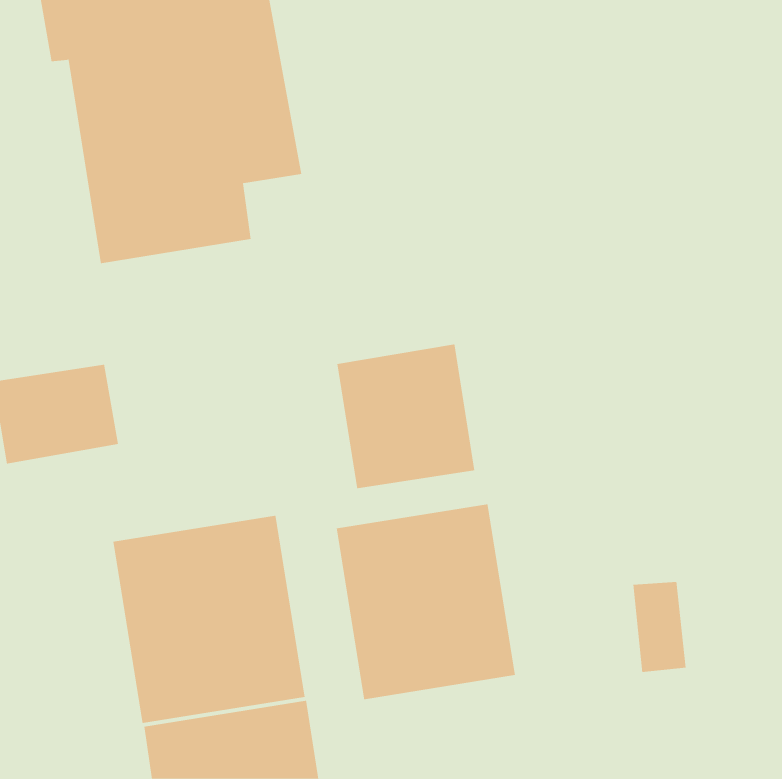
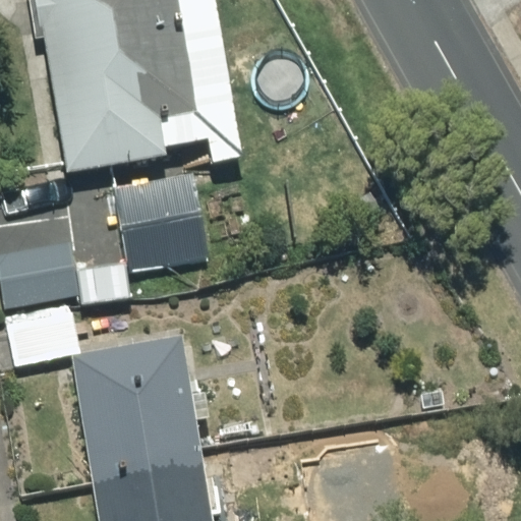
building: [336,344,475,489] -> [114,174,206,270]
building: [336,503,516,700] -> none

